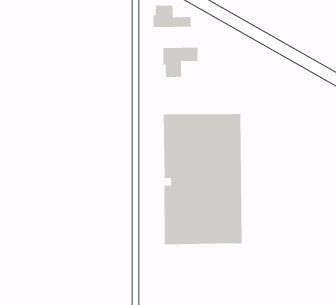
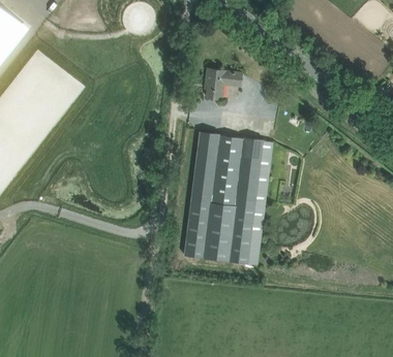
building: [153,5,192,28] -> none

